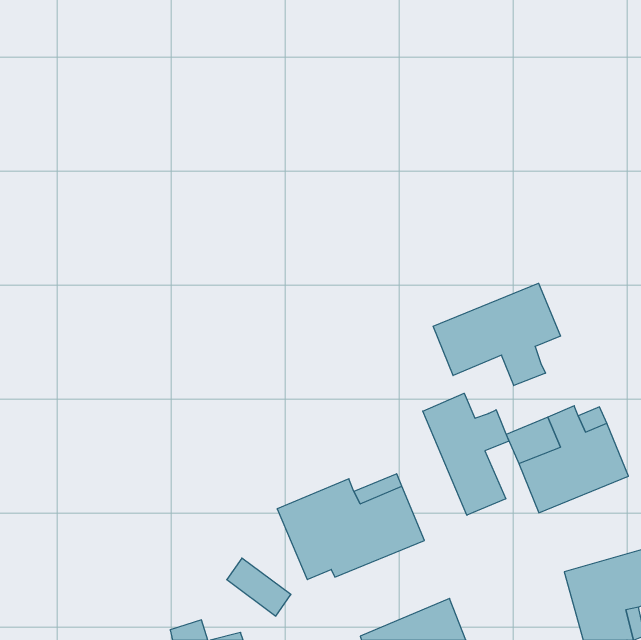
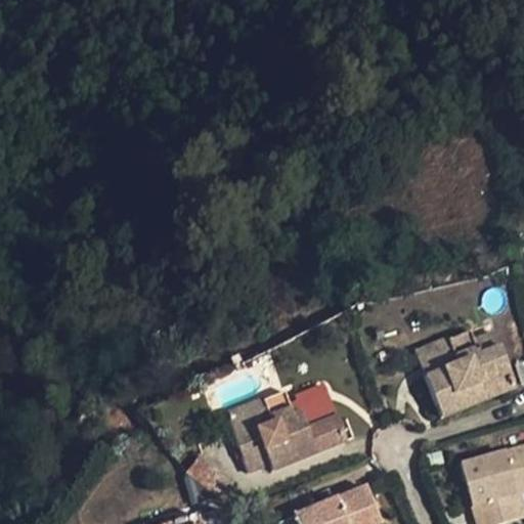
building: [433,283,560,386] -> none
building: [423,393,509,515] -> none

